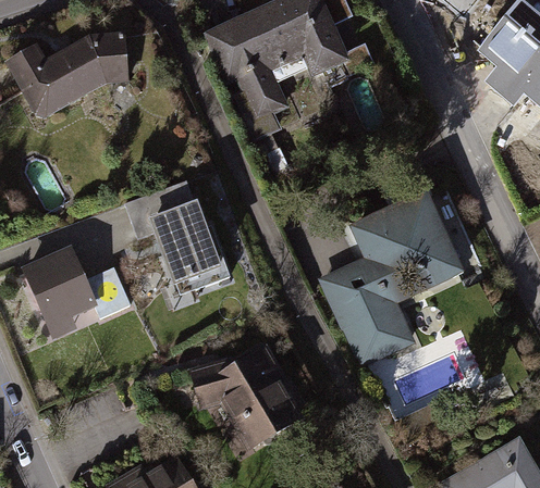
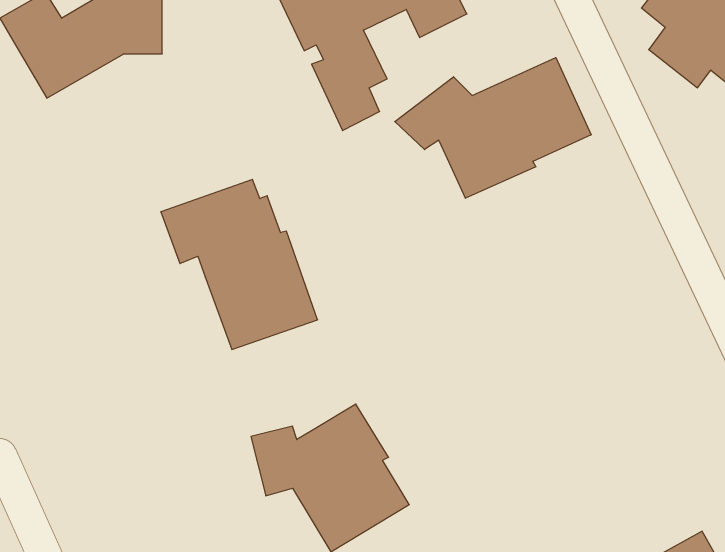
building: none -> [395,58,591,198]
building: [322,192,463,366] -> none
building: [23,247,135,339] -> none

